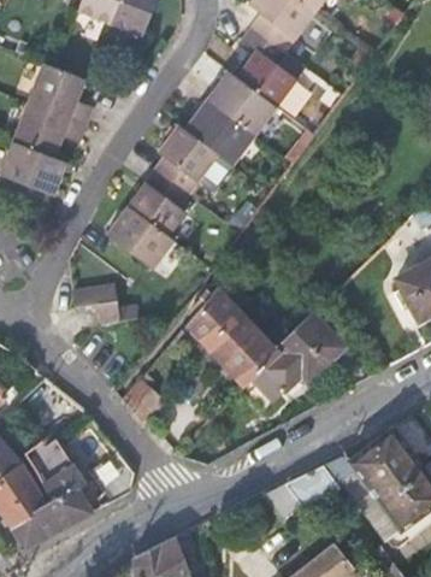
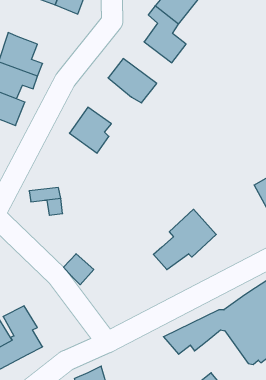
building: [207,69,277,134] -> none
building: [157,122,219,192] -> none
building: [108,205,177,269] -> none
building: [183,287,279,387] -> none

